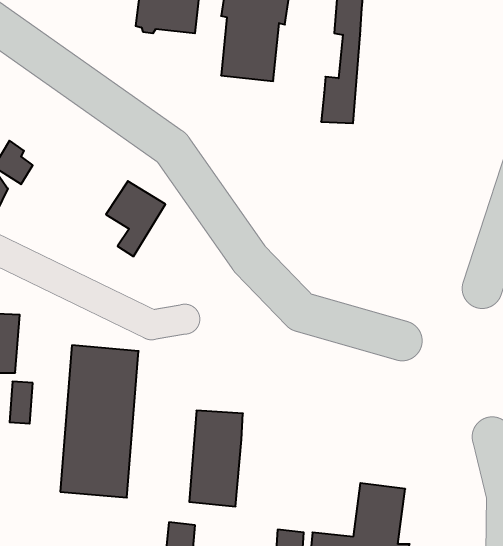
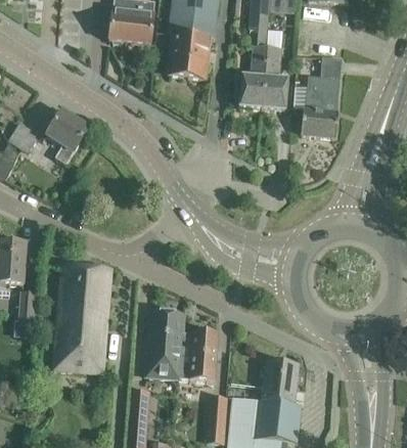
building: none -> [262,27,287,109]
building: none -> [301,57,342,137]
building: [106,181,165,256] -> [47,110,89,164]
building: none -> [179,329,218,380]

